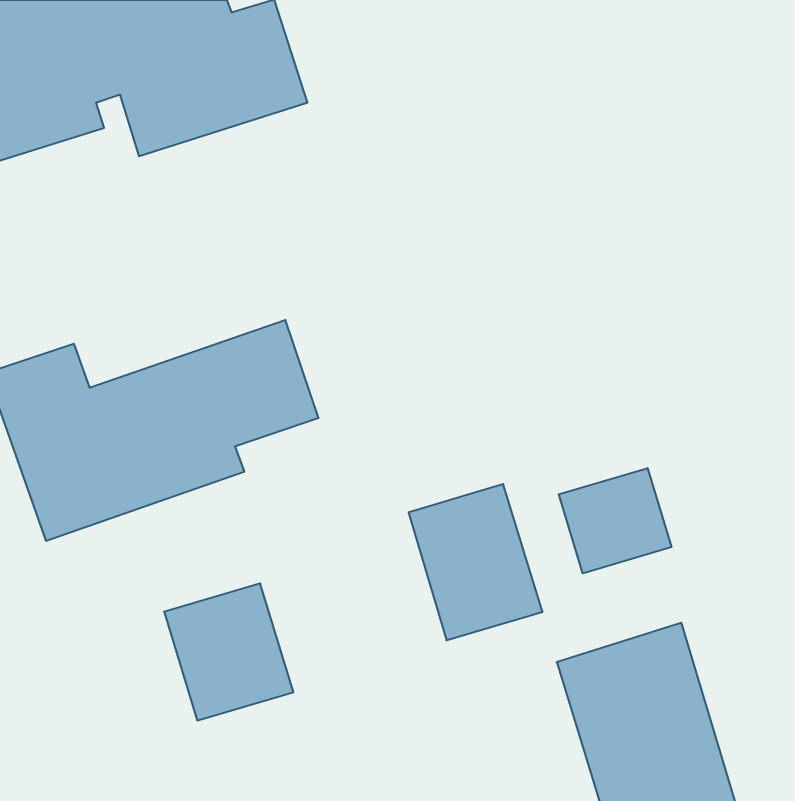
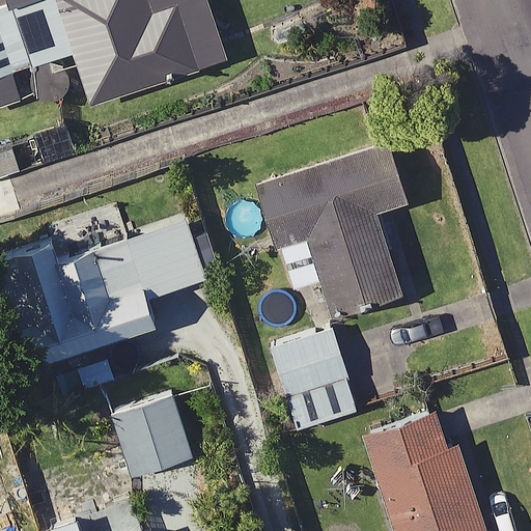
building: none -> [263,149,408,318]
building: [559,468,672,573] -> none

